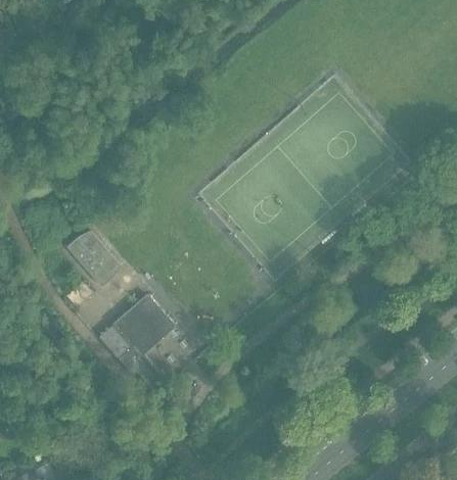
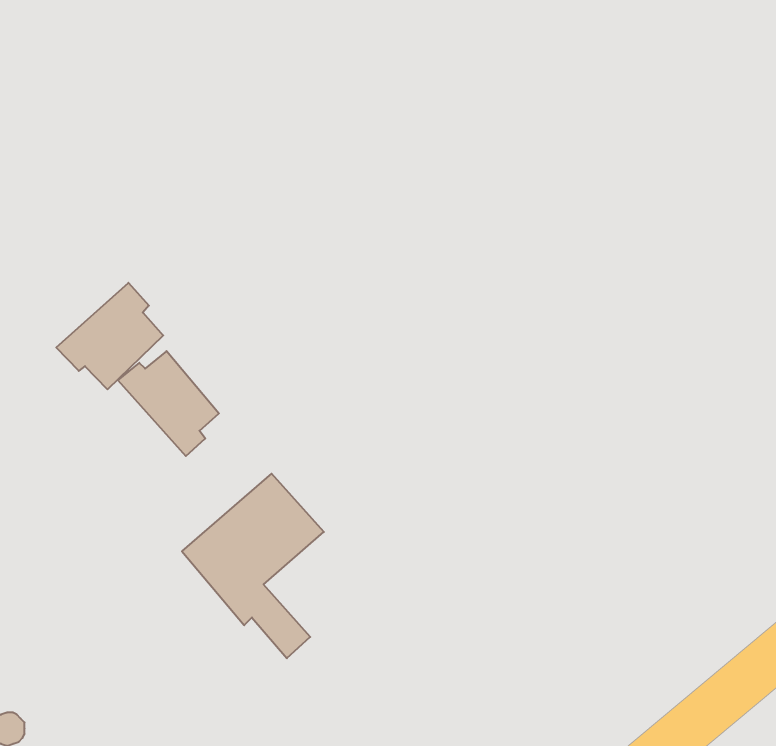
building: none -> [56,283,163,389]

